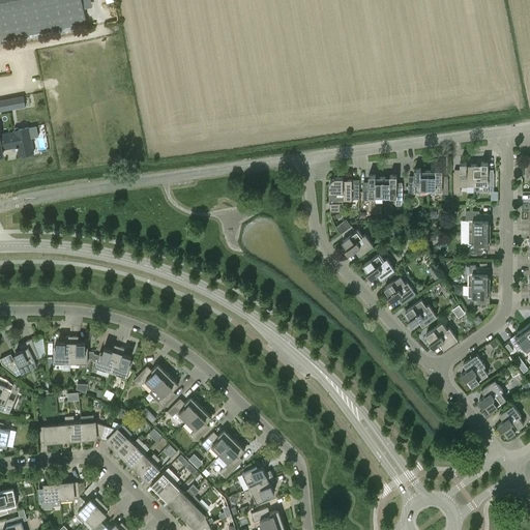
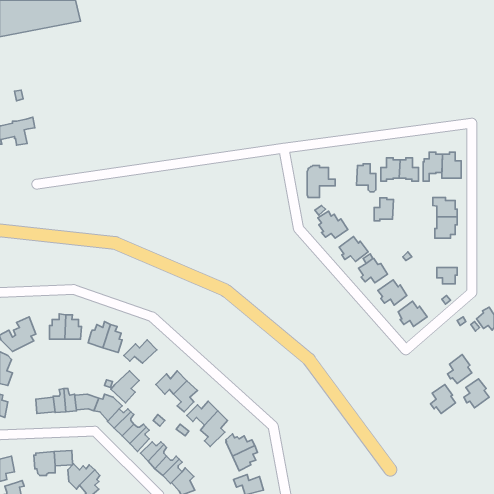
building: [361,176,382,201] -> [374,198,394,221]
building: [465,266,489,287] -> none
building: [460,355,487,386] -> [430,385,456,414]
building: [148,375,178,409] -> [111,371,139,403]

